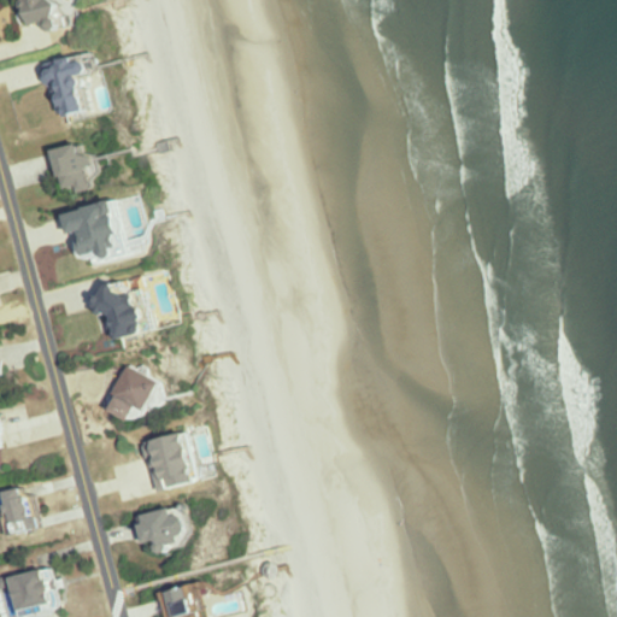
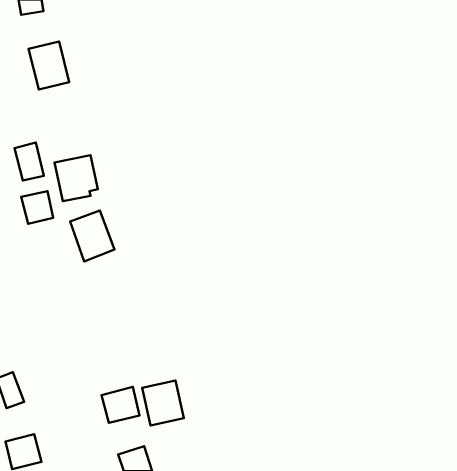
building: [47,142,86,192] -> [14,143,44,180]
building: none -> [21,191,53,224]
building: [99,366,148,421] -> none
building: [139,431,193,490] -> [142,380,184,426]

